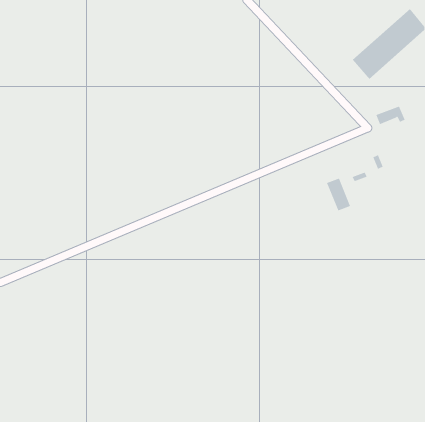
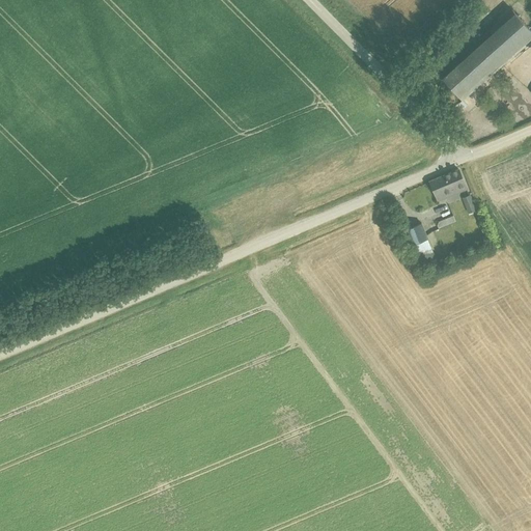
building: [375,106,405,125] -> [431,172,469,196]

